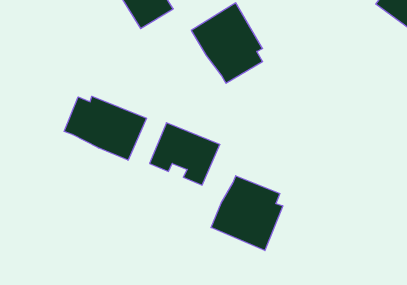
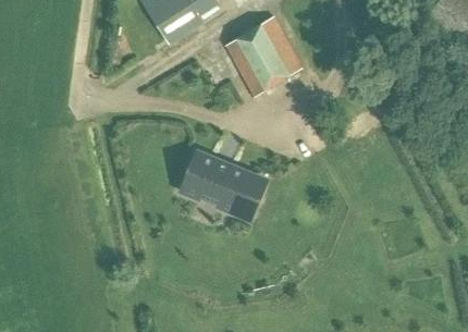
building: [64,96,146,160] -> none
building: [211,176,283,251] -> none

